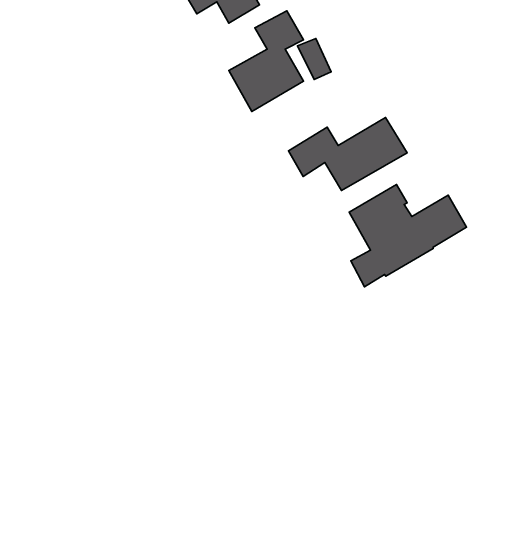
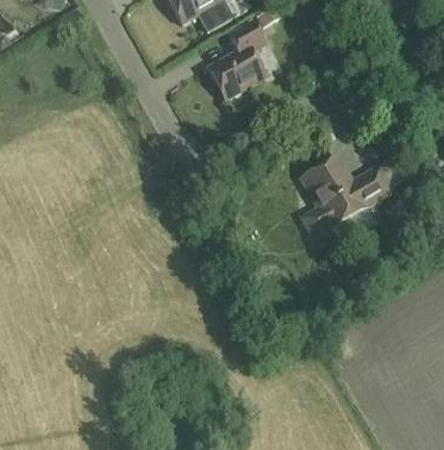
building: [289,118,407,191] -> none

